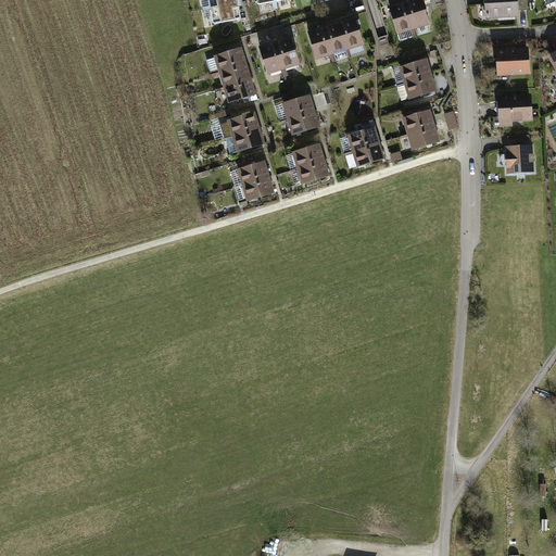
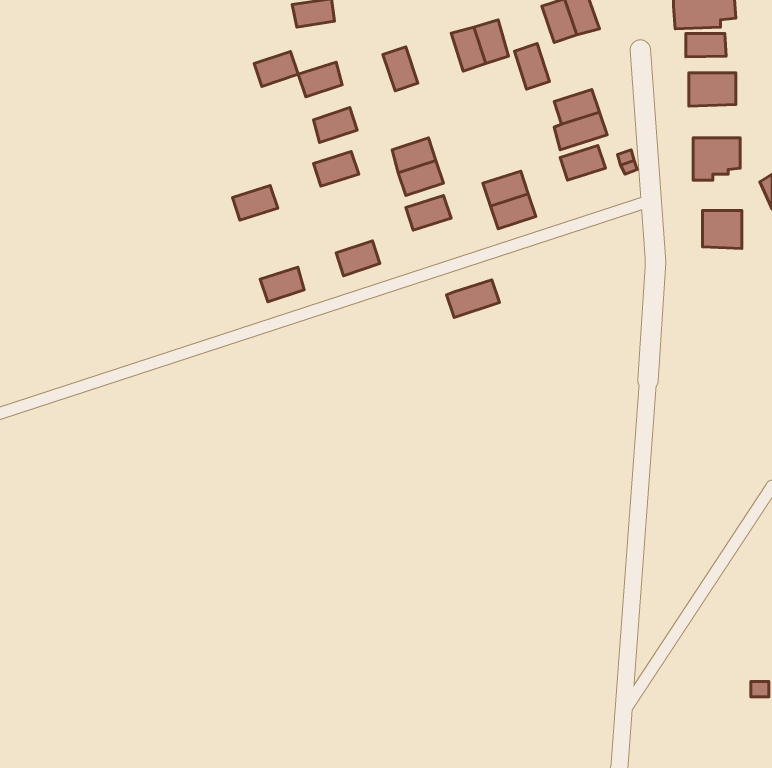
building: [307,24,332,56] -> [515,44,549,89]
building: none -> [686,34,726,57]
building: [258,39,283,71] -> none
building: [219,61,251,86] -> [254,52,298,86]
building: [407,121,440,146] -> none
building: [230,125,263,150] -> [232,185,278,220]
building: [236,156,267,181] -> [260,267,304,302]
building: [291,156,329,184] -> [446,280,499,318]

